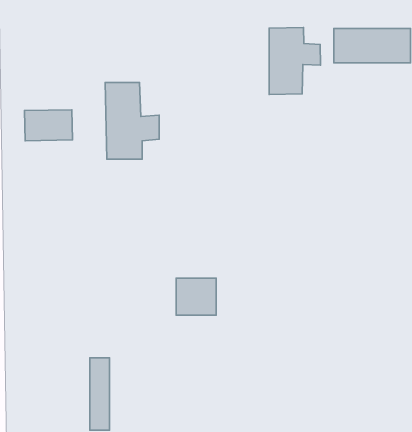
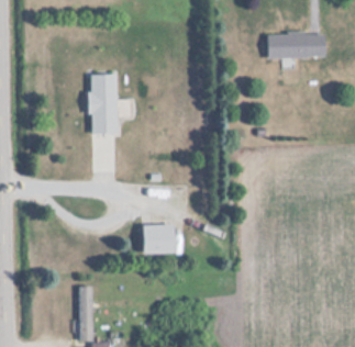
building: [269,28,320,94] -> none
building: [25,110,72,141] -> none

